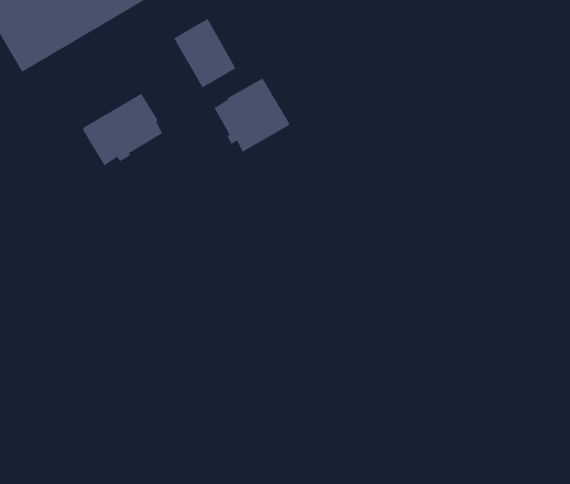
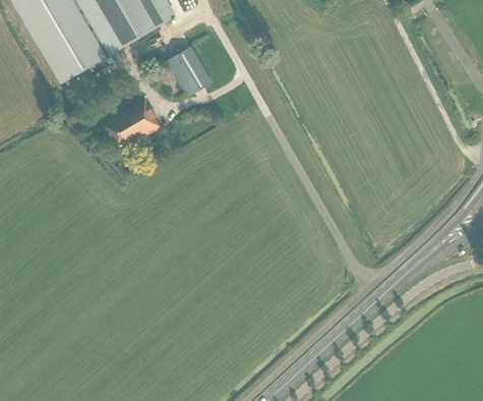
building: [214,78,290,153] -> none

